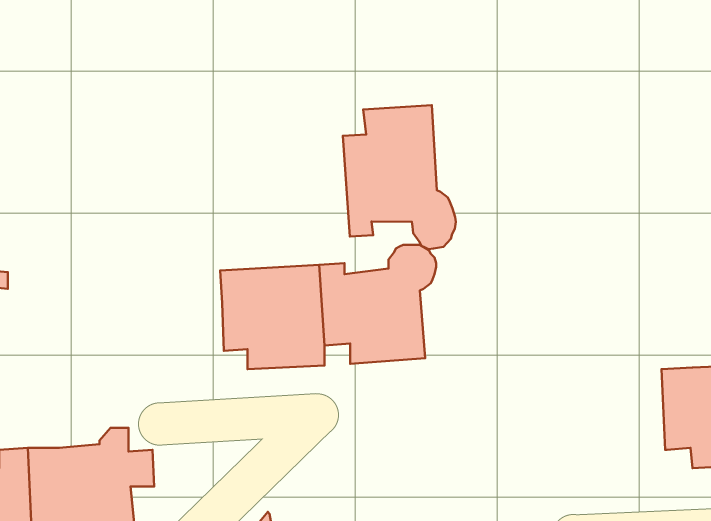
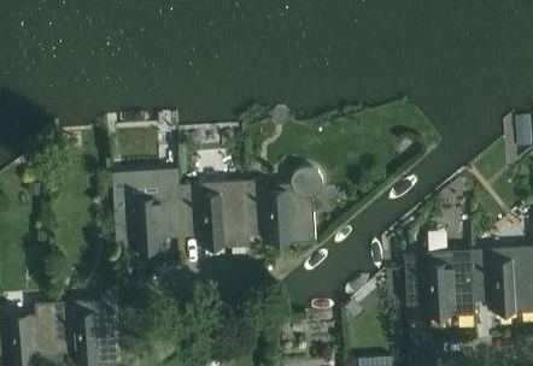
building: [343,105,456,249] -> none
building: none -> [111,169,183,253]
building: none -> [404,249,474,318]

